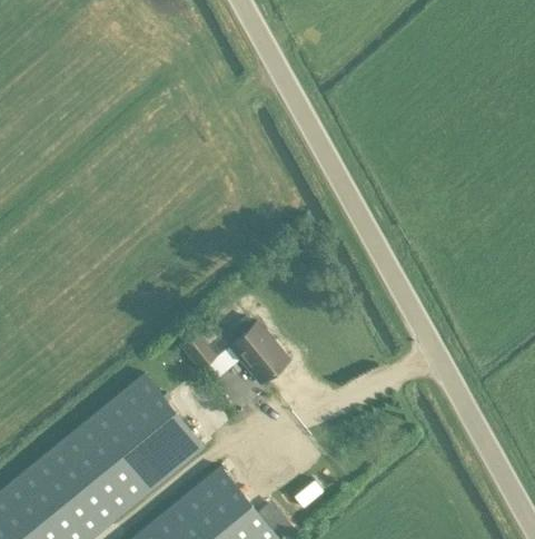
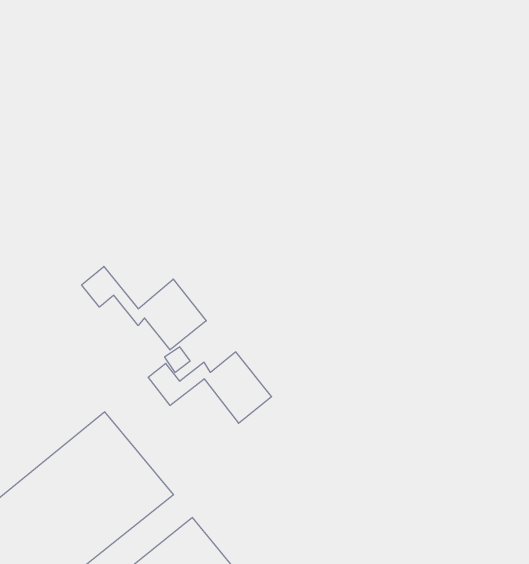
building: none -> [82,266,206,350]

